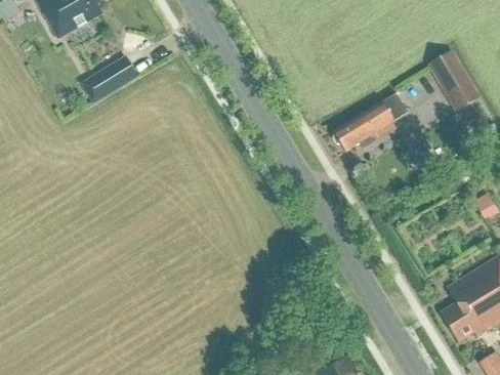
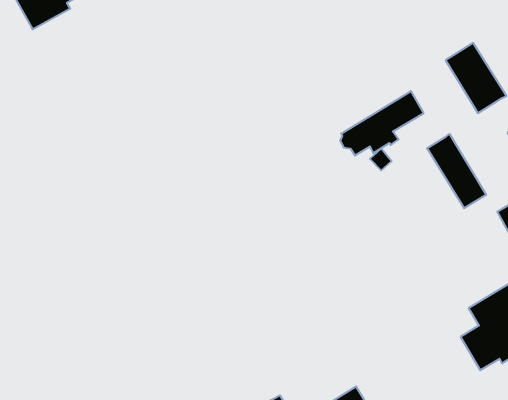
building: [80,53,139,103] -> none
building: none -> [427,134,486,208]

